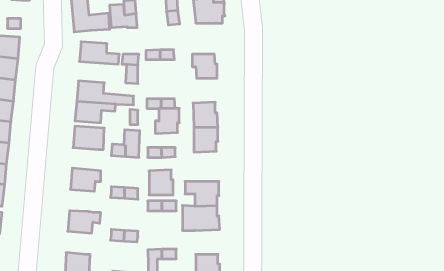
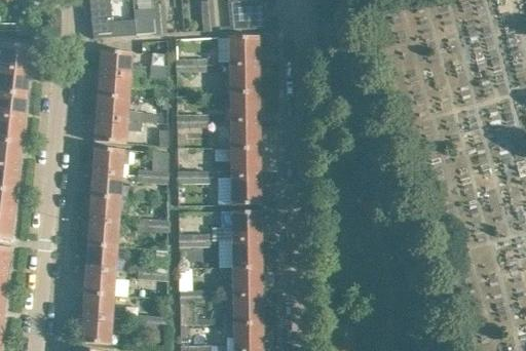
building: none -> [229,35,257,64]
building: none -> [98,72,144,96]
building: [155,108,179,133] -> [230,91,258,120]
building: none -> [90,171,124,198]
building: [149,170,173,195] -> [231,176,259,204]
building: none -> [87,220,116,245]
building: none -> [222,266,261,295]
building: none -> [83,268,113,295]

